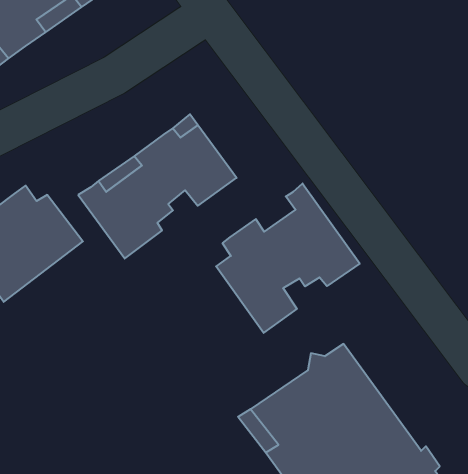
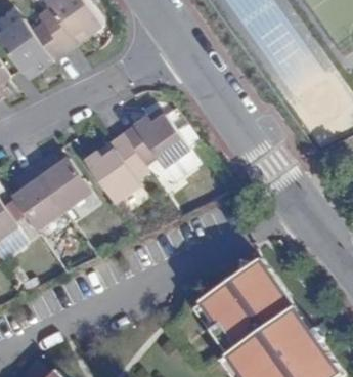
building: [216,183,360,333] -> none

